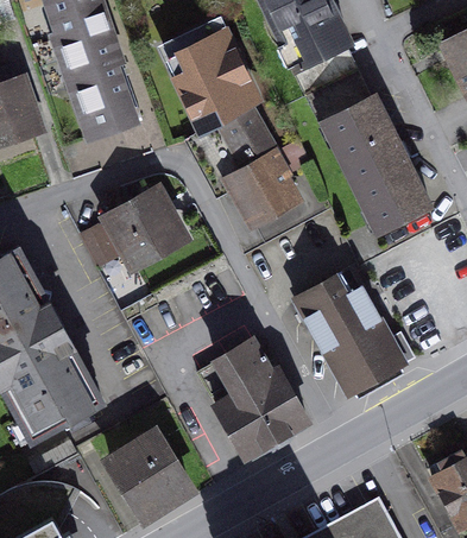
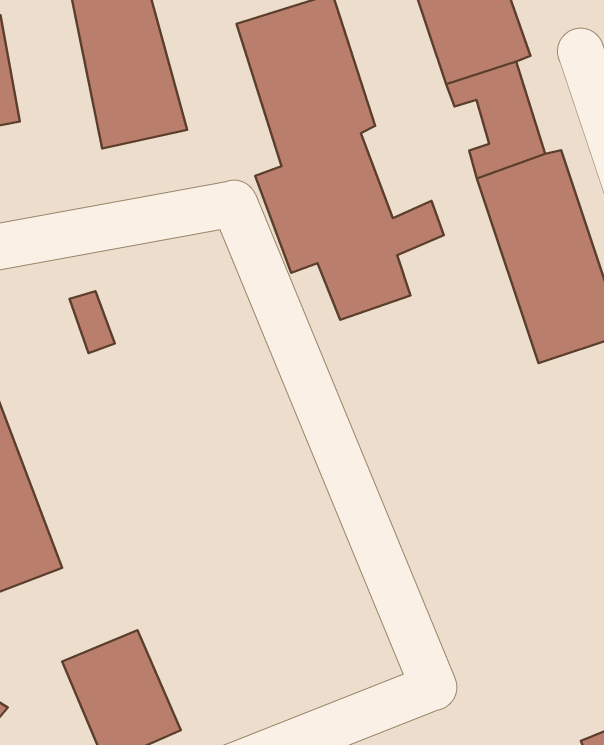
building: [111,195,181,265] -> none
building: [296,273,405,395] -> none
building: [197,342,309,460] -> none

